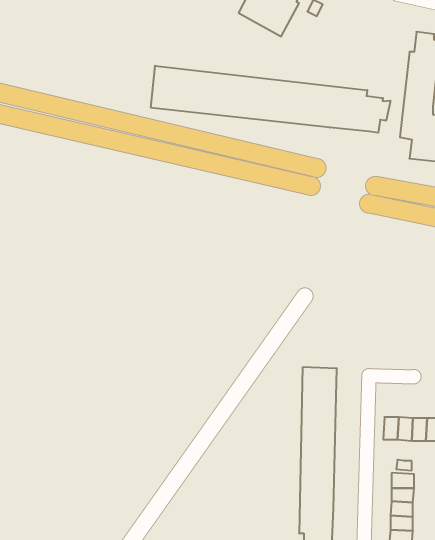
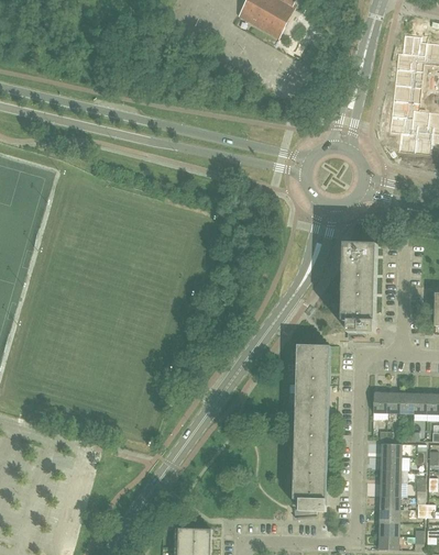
building: [151,66,390,133] -> none
building: none -> [343,243,376,337]

